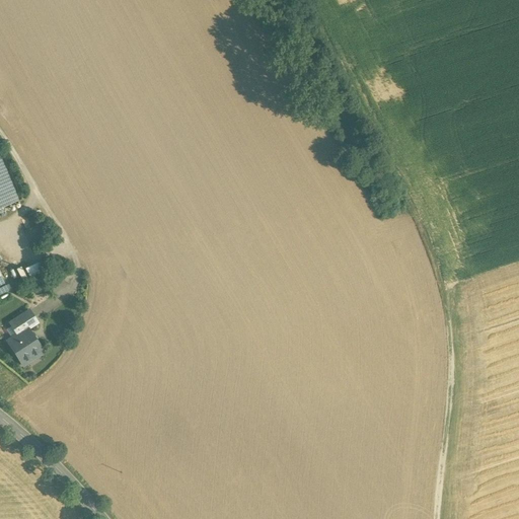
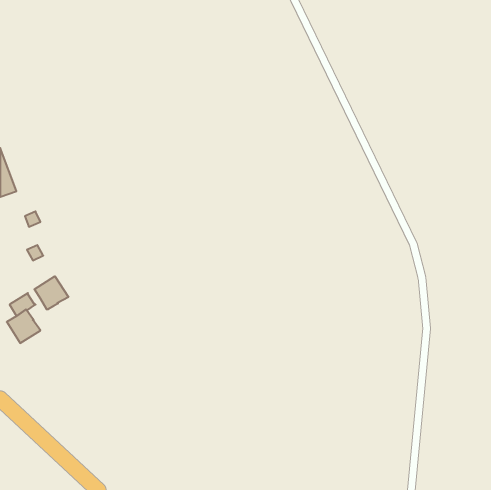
building: none -> [34,276,68,310]

